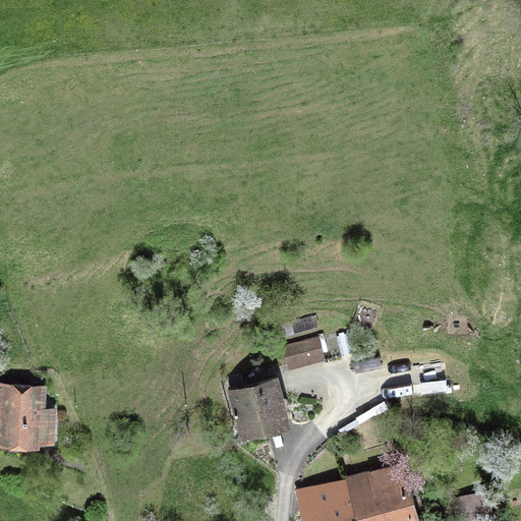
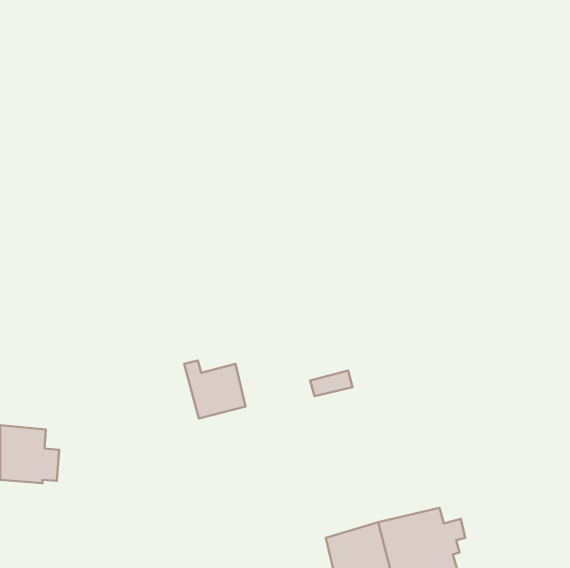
building: [229,381,285,433] -> [184,361,246,419]

